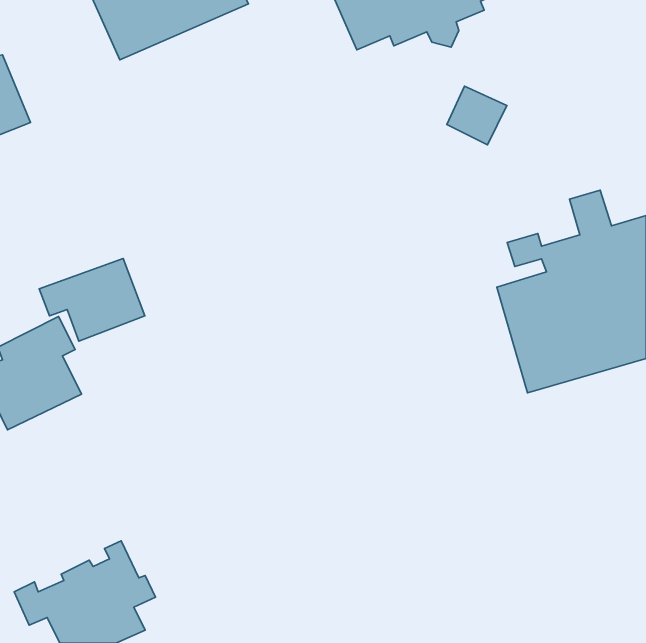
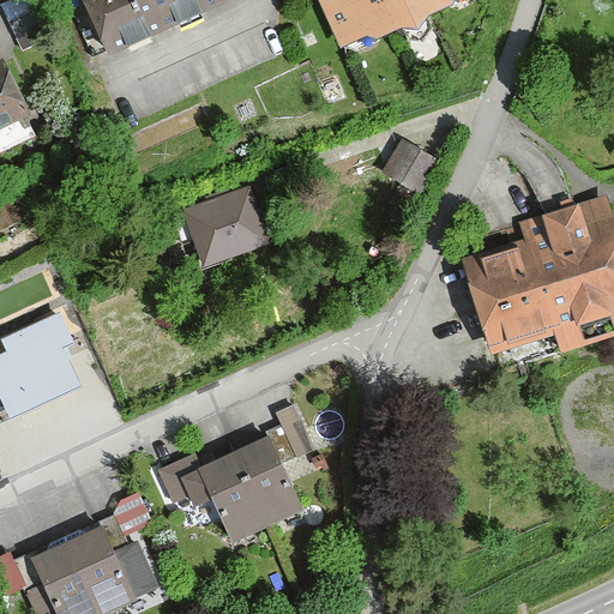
building: [447,86,507,145] -> [381,139,438,194]
building: [39,258,145,341] -> [168,186,267,264]
building: none -> [156,408,317,543]

